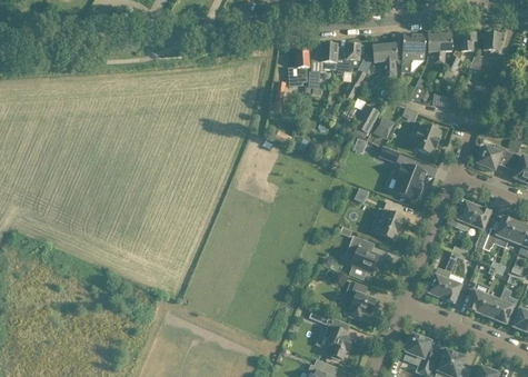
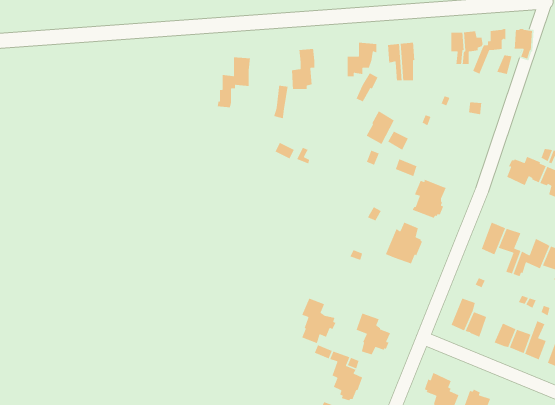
building: [402,34,427,66] -> none
building: [308,42,338,88] -> [217,56,251,108]
building: [415,123,441,155] -> none
building: [350,237,381,278] -> [301,297,337,344]

